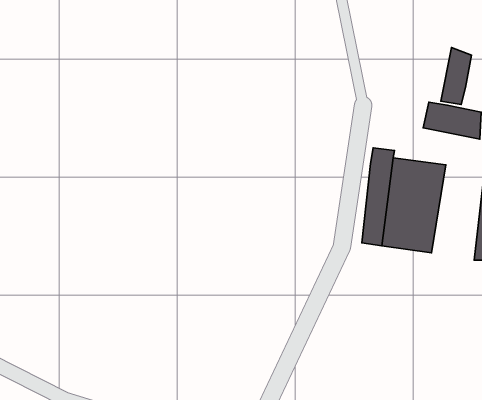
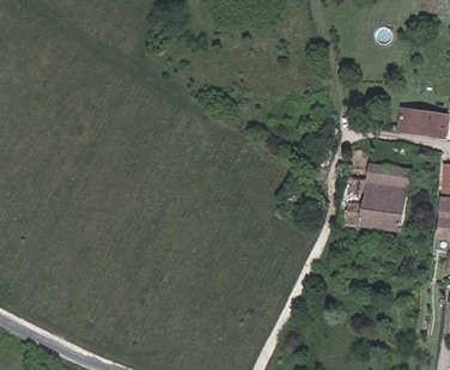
building: [441,47,472,105] -> none

